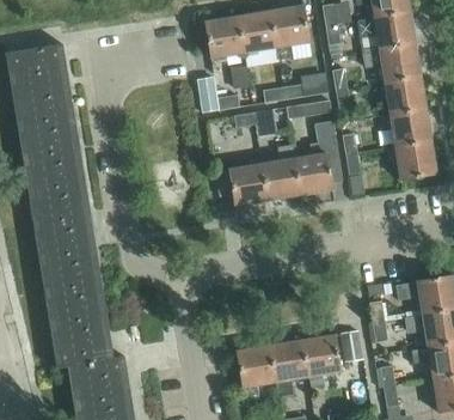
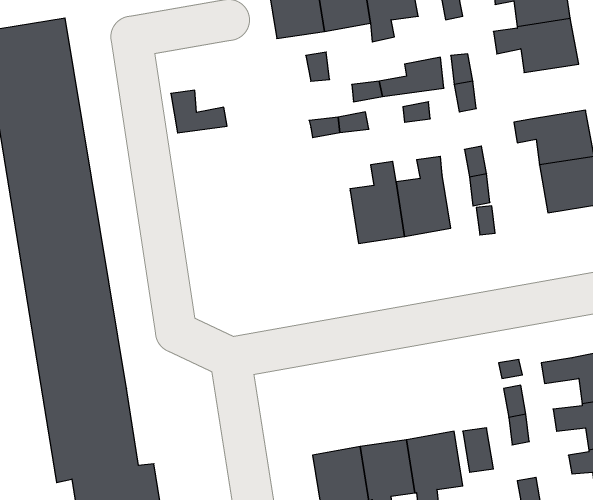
building: [384,75,427,114] -> none
building: [200,81,239,111] -> [171,90,227,133]
building: [228,154,268,206] -> none

